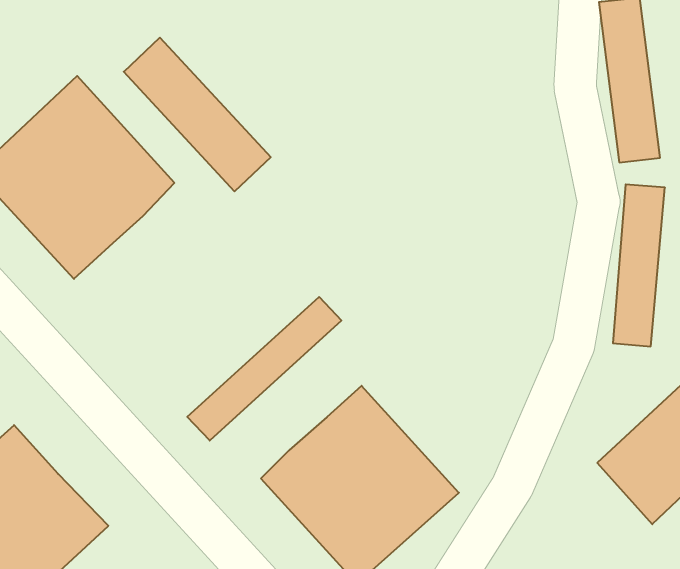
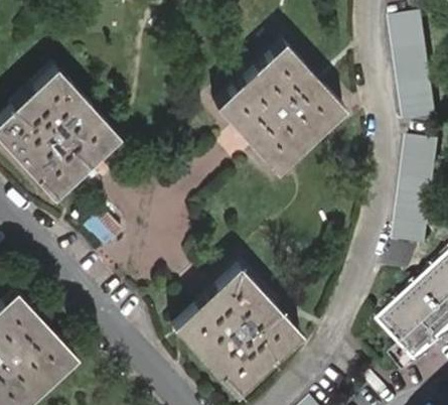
building: none -> [217,45,346,173]
building: [124,38,271,191] -> none
building: [187,297,341,441] -> none

